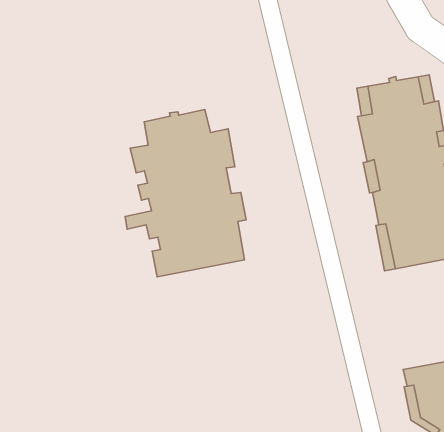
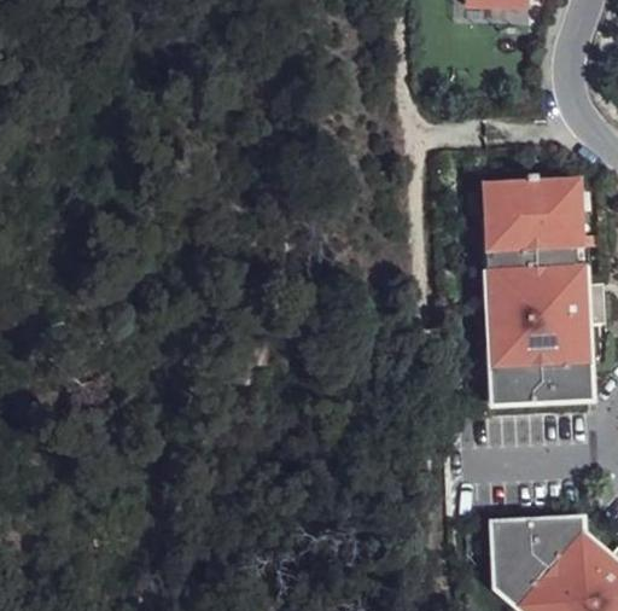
building: [125,110,246,277] -> none

